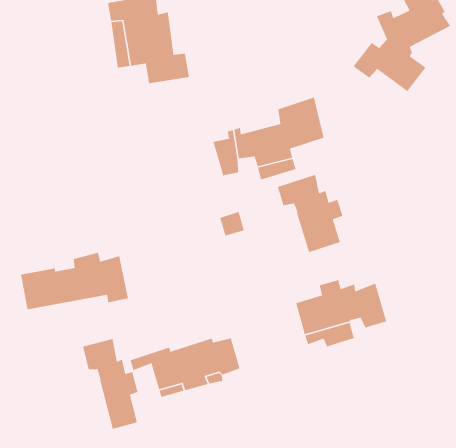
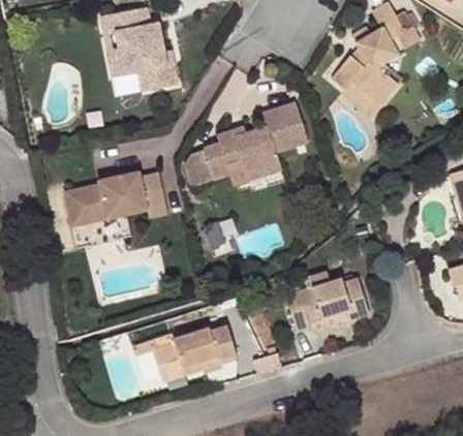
building: [277,174,344,253] -> none
building: [20,252,129,310] -> [65,174,165,227]
building: [82,338,139,430] -> none

